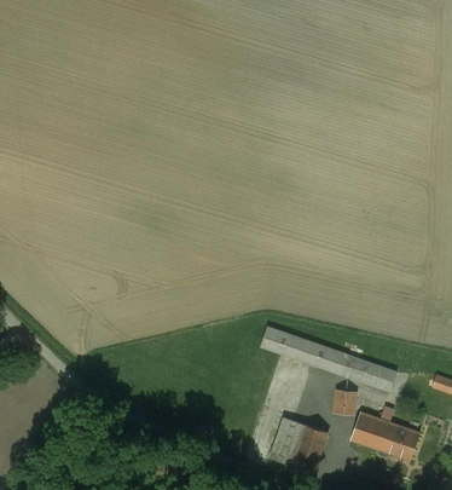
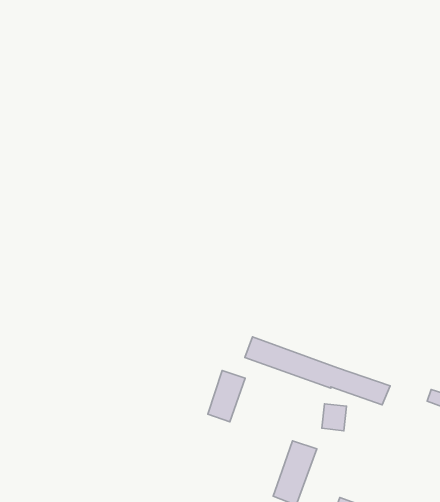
building: [349,407,419,460] -> none
building: [270,416,305,465] -> [208,370,245,422]

